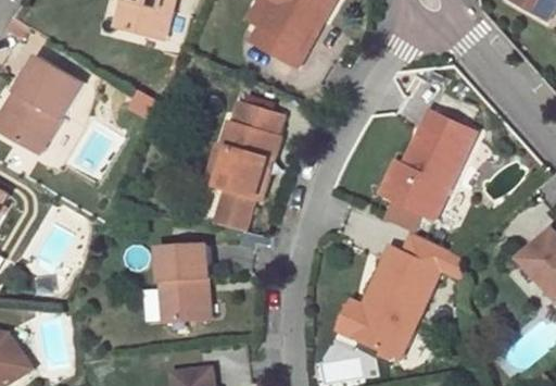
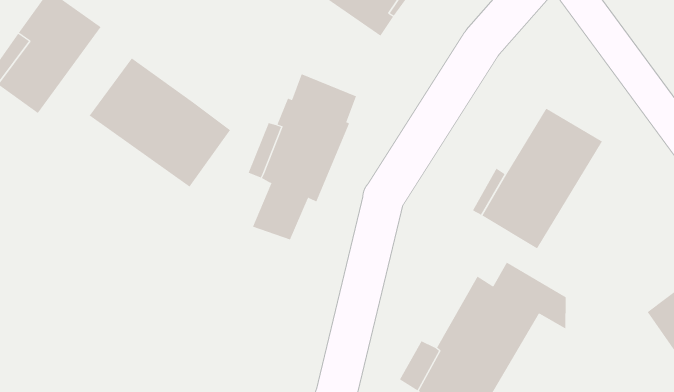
building: none -> [89,57,231,188]
building: [157,244,208,323] -> none

